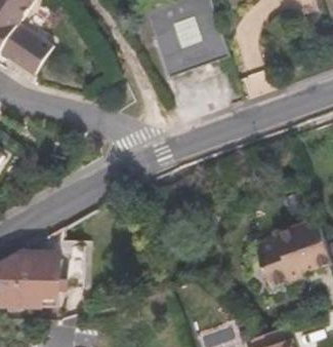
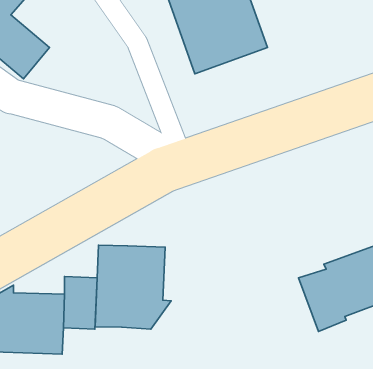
building: none -> [95,245,171,329]

